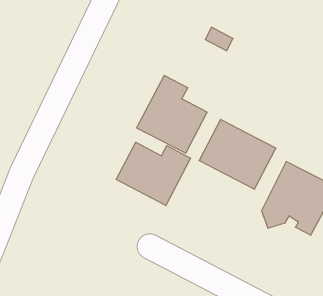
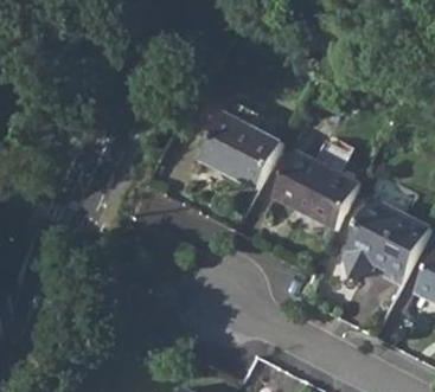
building: [116,142,191,206] -> none

